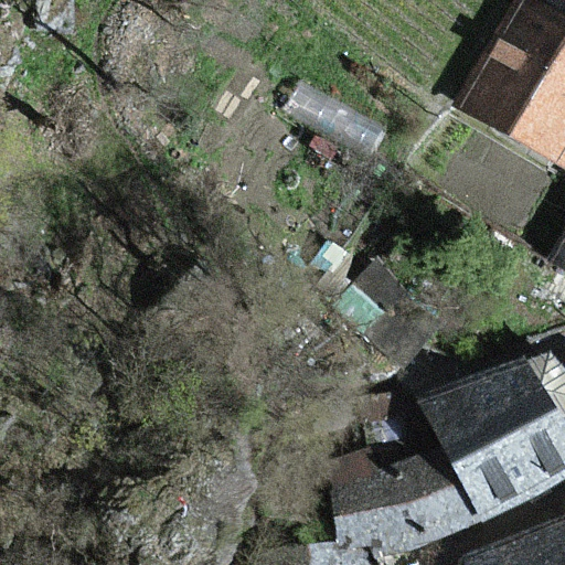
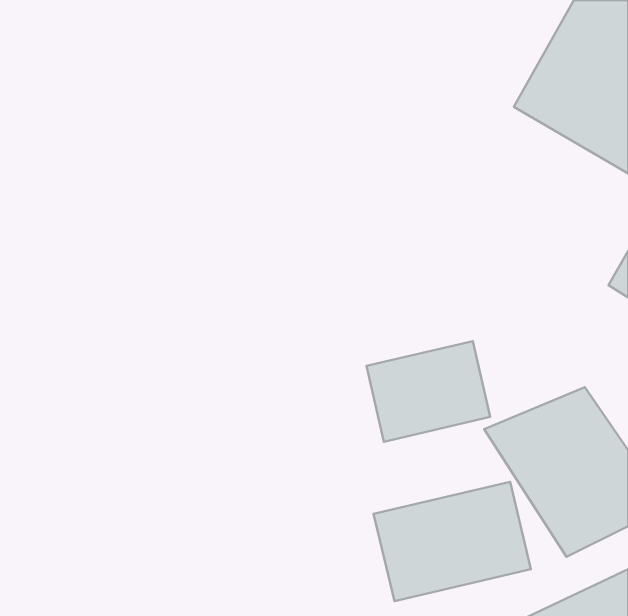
building: none -> [367,341,490,442]

